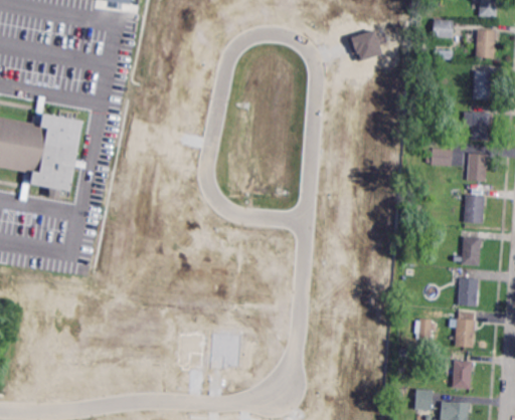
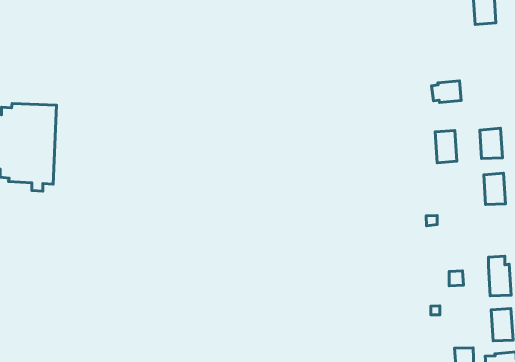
building: [462,111,490,141] -> none
building: [467,152,487,181] -> [435,130,457,163]
building: [459,277,480,306] -> none

